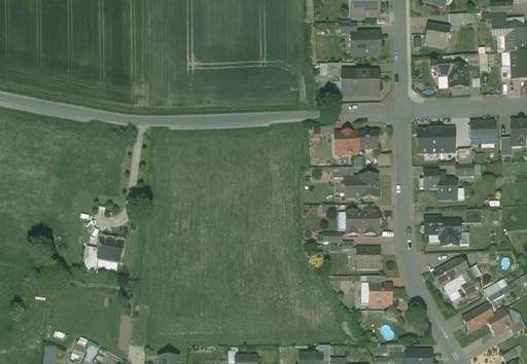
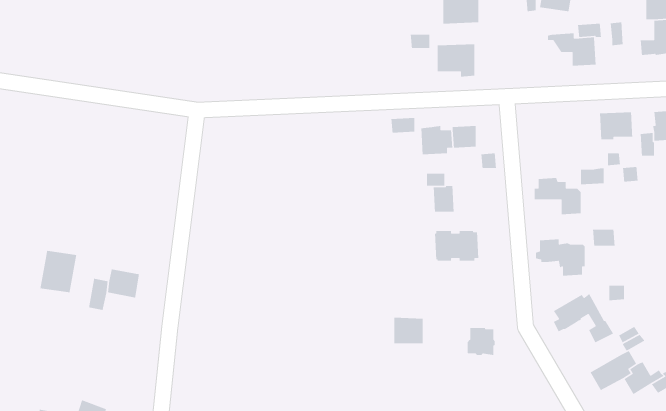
building: [418,123,457,151] -> none
building: [359,175,378,196] -> none
building: none -> [39,250,77,293]
building: [356,247,379,267] -> [393,317,423,344]

